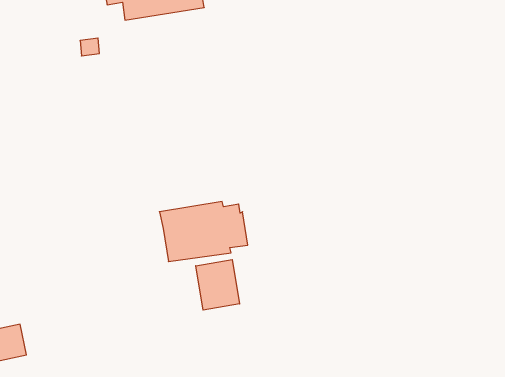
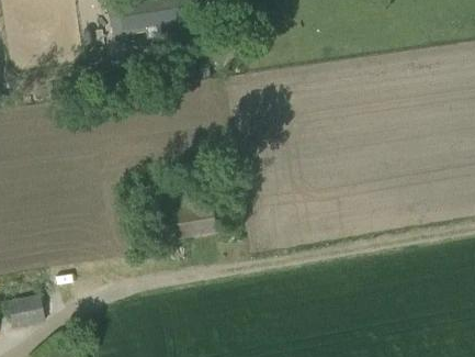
building: [196,260,240,310] -> none

